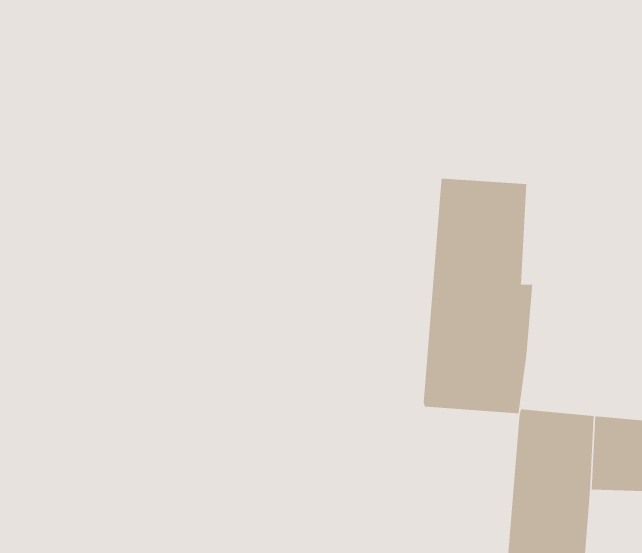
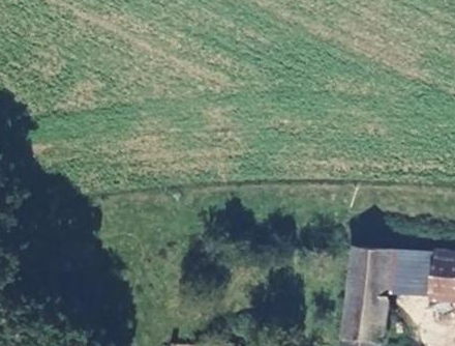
building: [423,178,533,414] -> none

